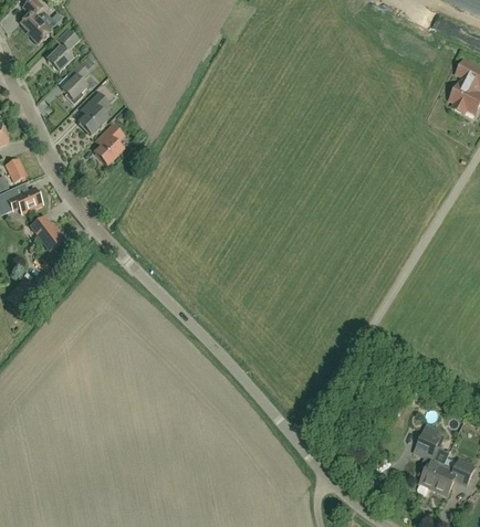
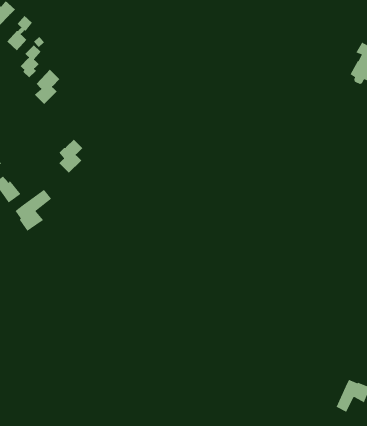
building: [95,124,124,165] -> [59,139,83,174]
building: none -> [14,189,52,232]
building: [417,431,445,493] -> none

